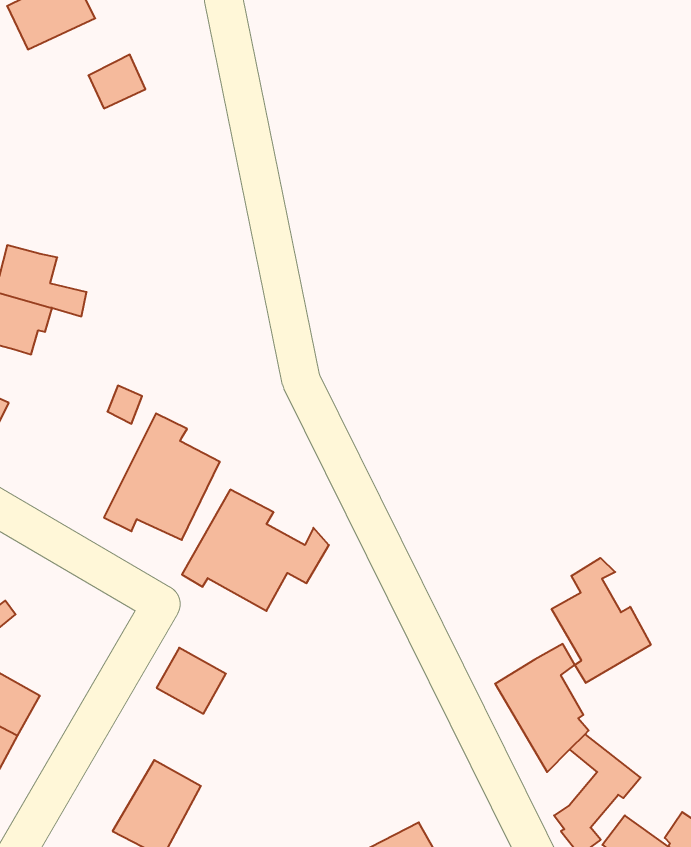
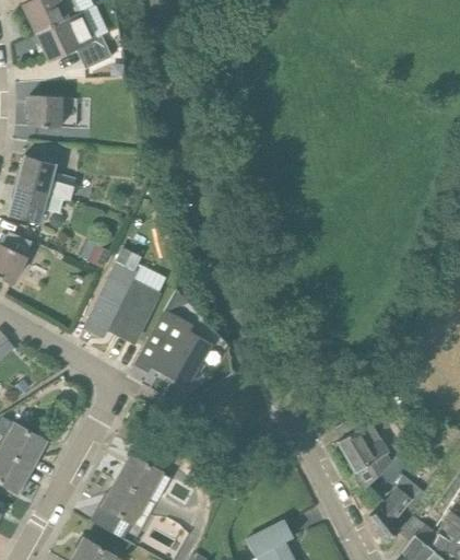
building: none -> [37,12,93,60]
building: none -> [28,94,63,128]
building: [552,558,651,683] -> none
building: [157,648,226,714] -> [117,455,161,497]

